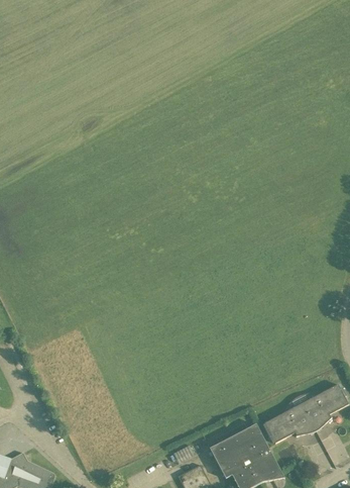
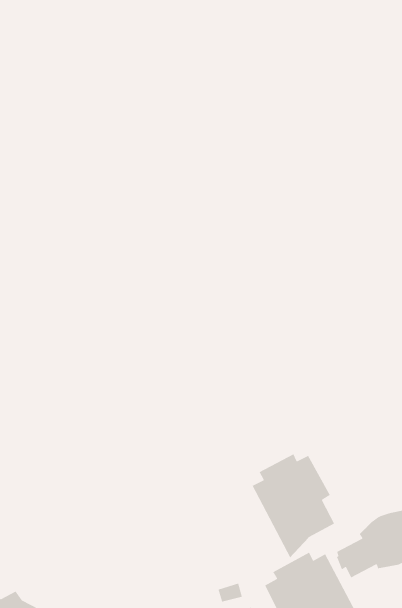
building: none -> [251,453,335,558]

